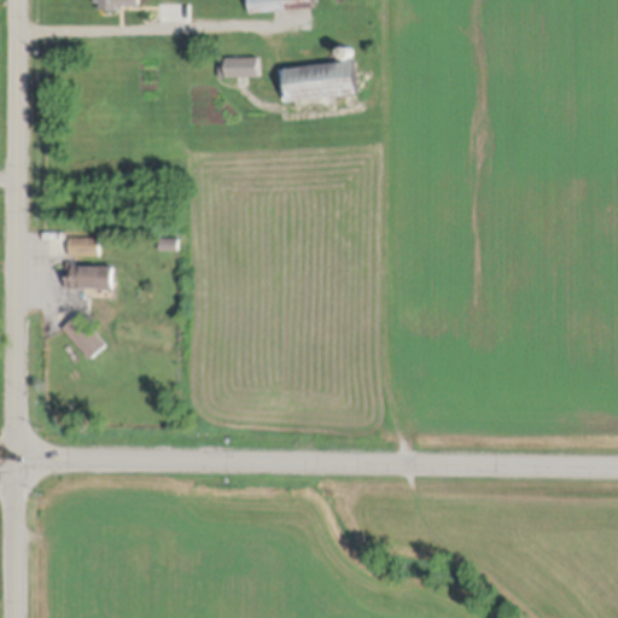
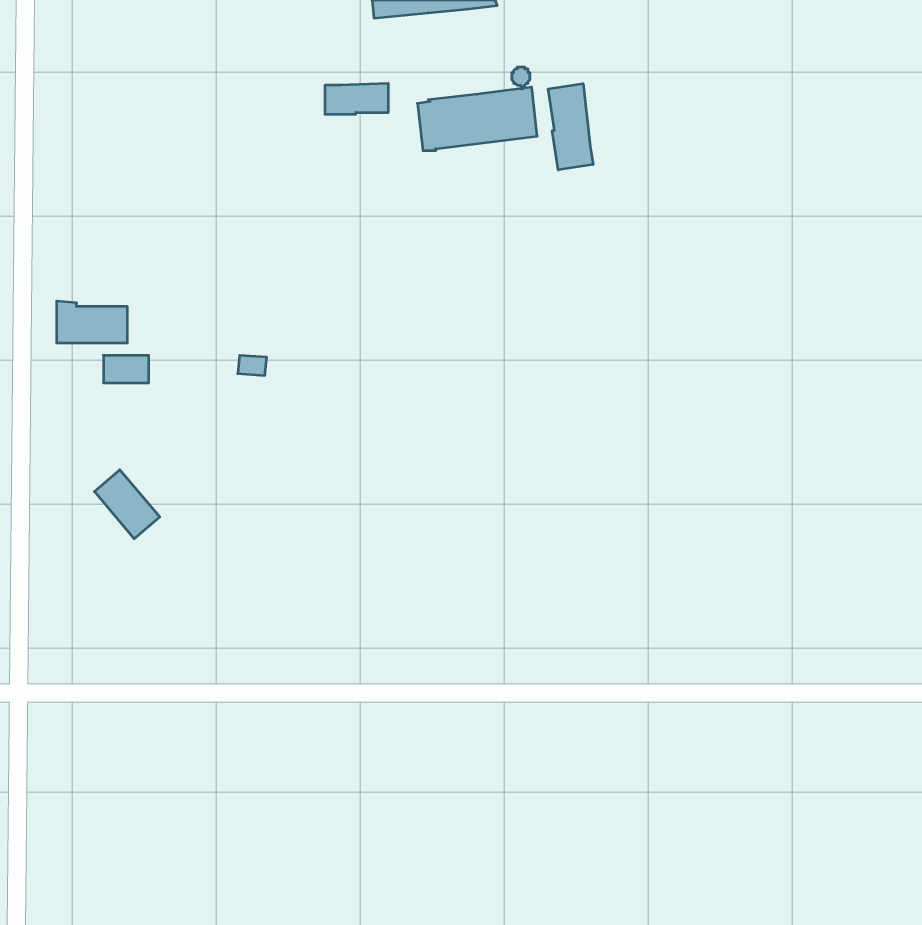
building: none -> [548,84,593,170]
building: [65,262,112,290] -> [57,301,127,343]

